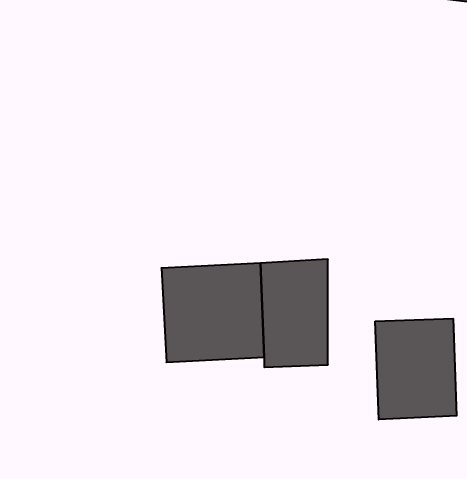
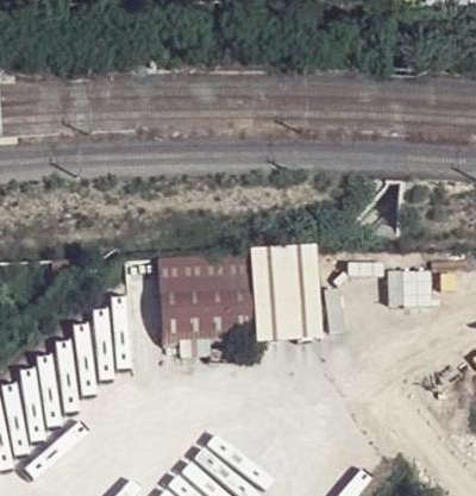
building: [375,319,457,420] -> none

